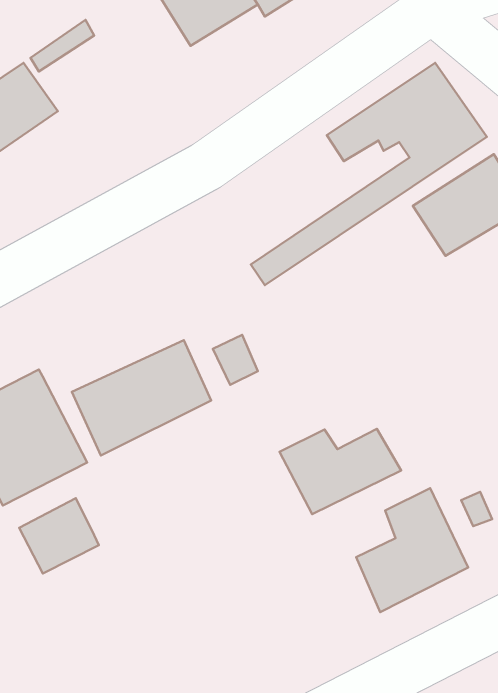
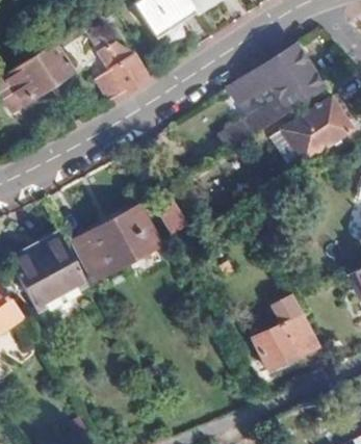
building: none -> [93,42,146,96]
building: [279,429,401,514] -> none
building: [19,498,99,573] -> none

